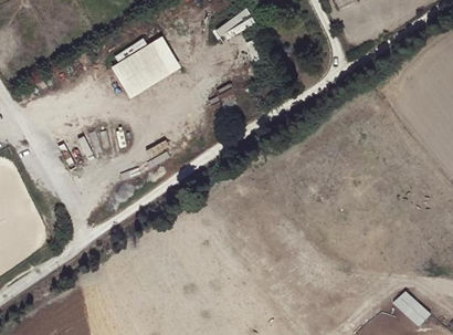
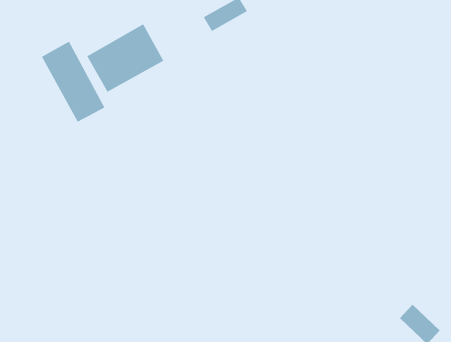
building: none -> [41,41,105,123]

